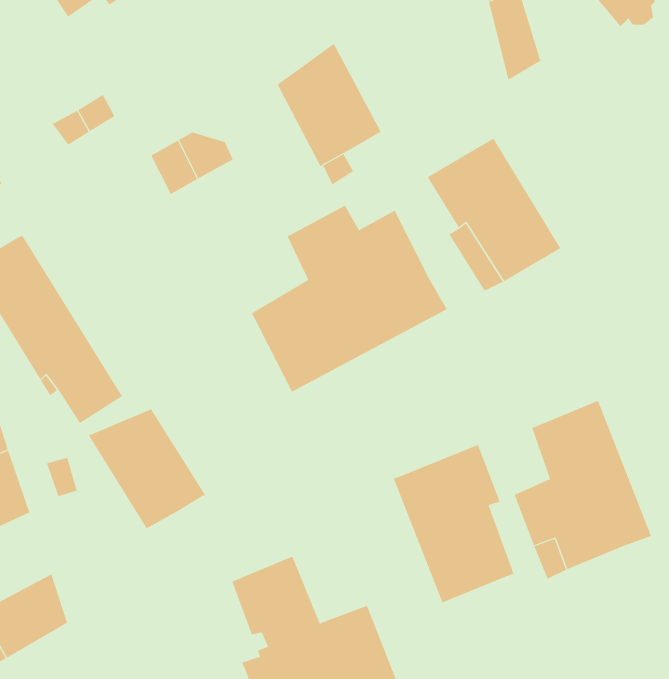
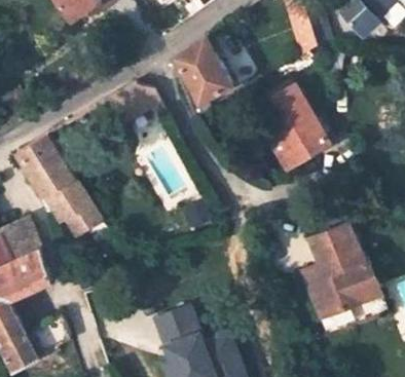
building: [251,205,447,393] -> none
building: [88,409,206,529] -> none
building: [393,444,514,603] -> none

